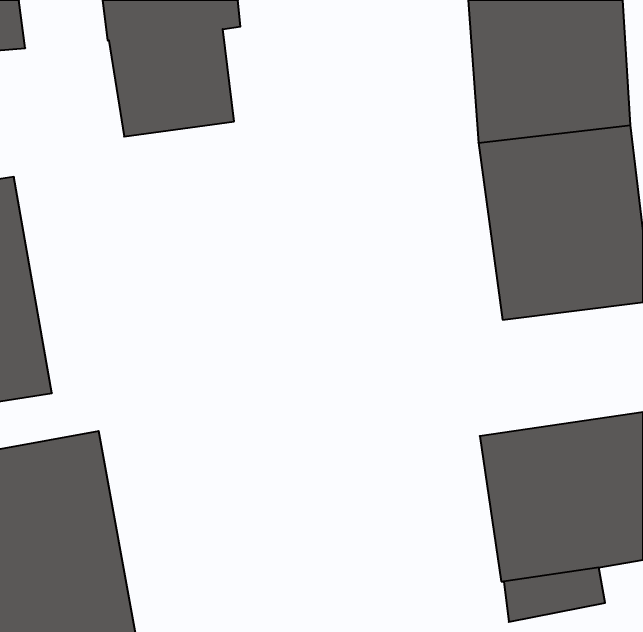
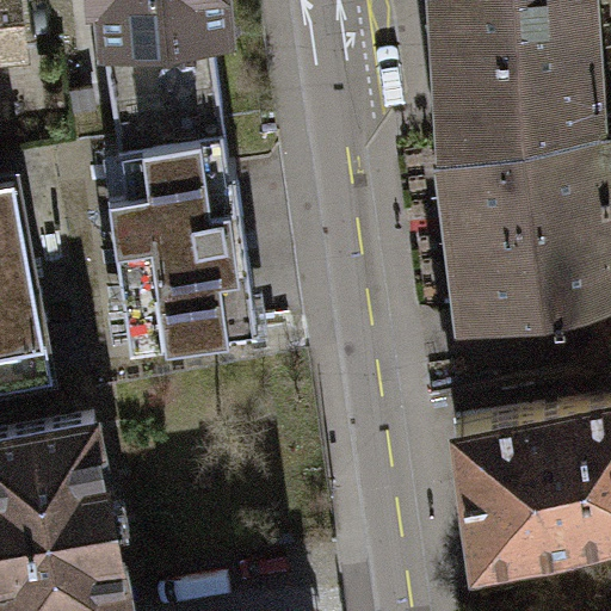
building: none -> [106,128,255,346]

